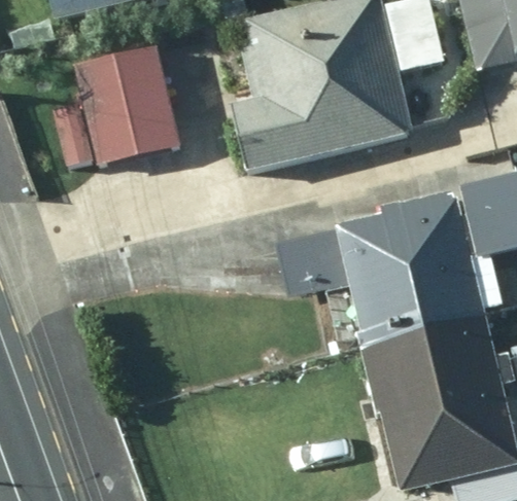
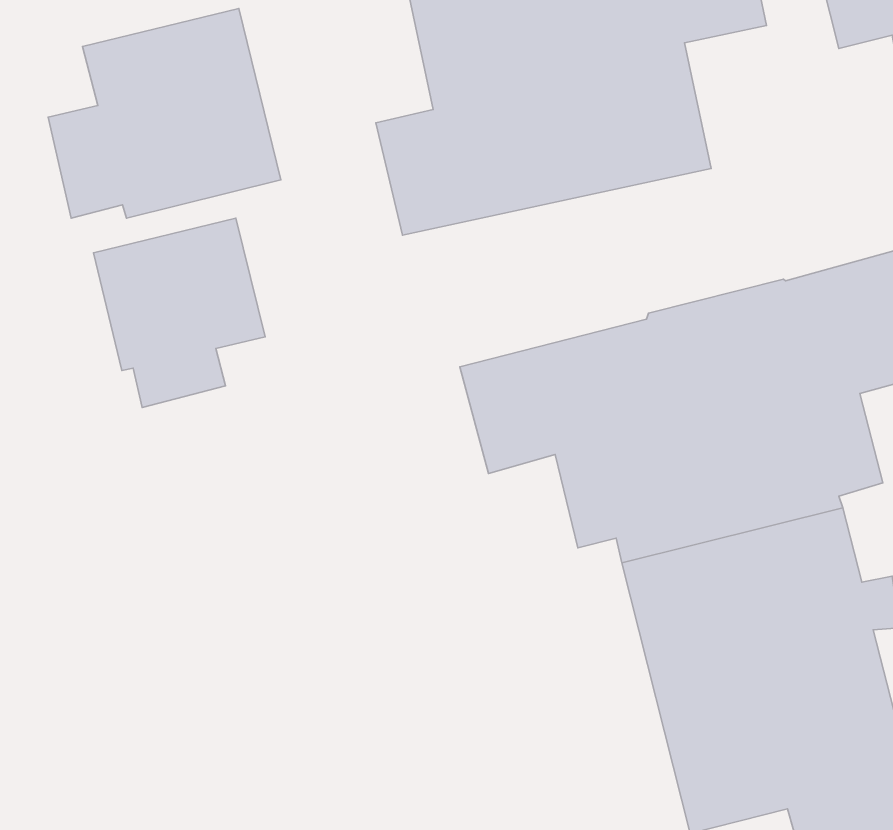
building: none -> [93,218,265,408]

